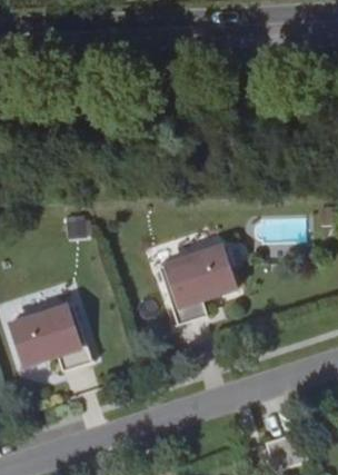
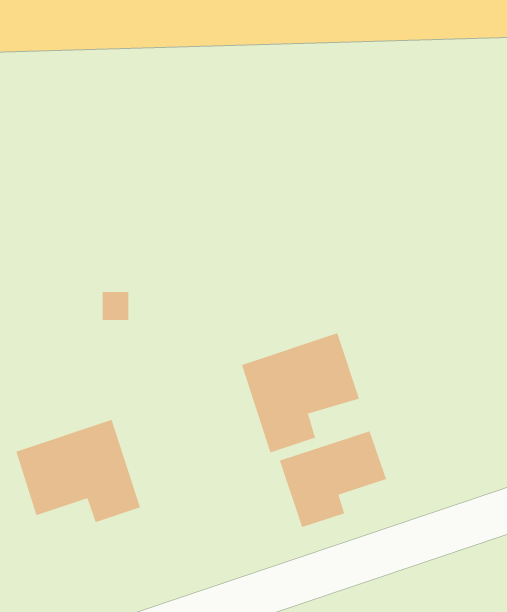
building: none -> [279,430,387,528]

